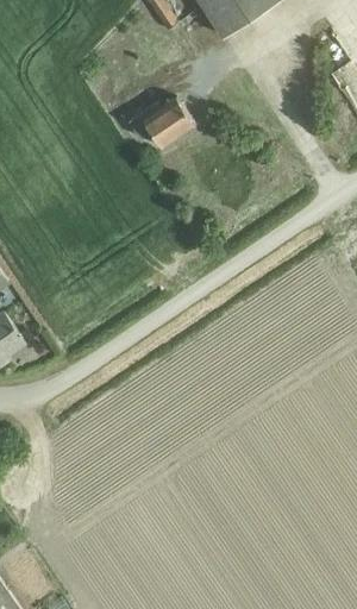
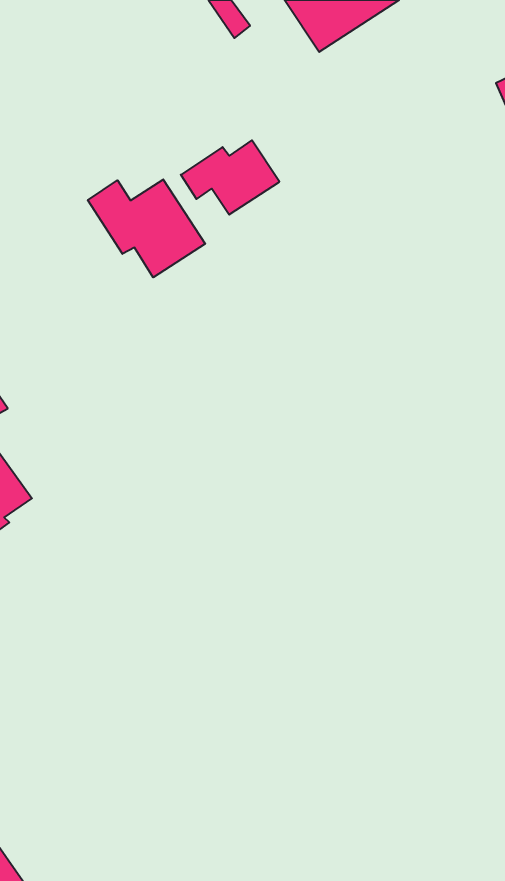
building: none -> [88,179,205,277]

